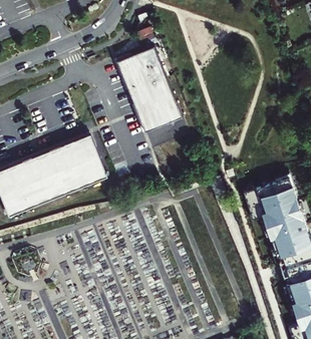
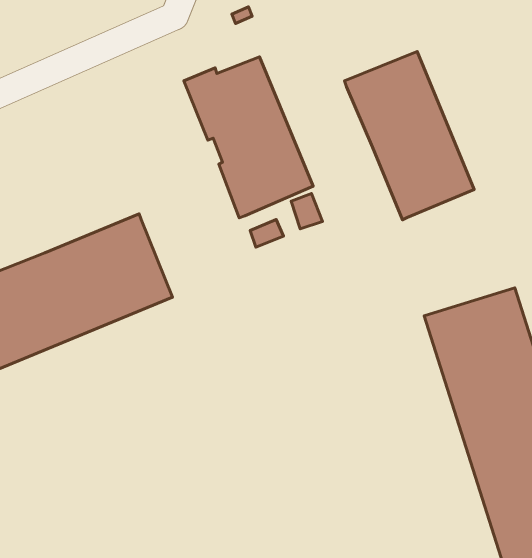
building: none -> [345,52,474,220]

